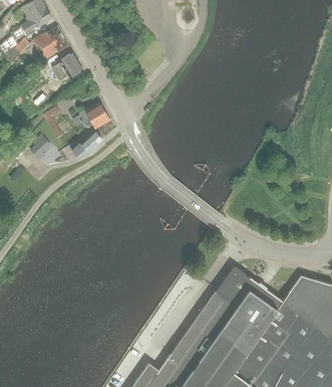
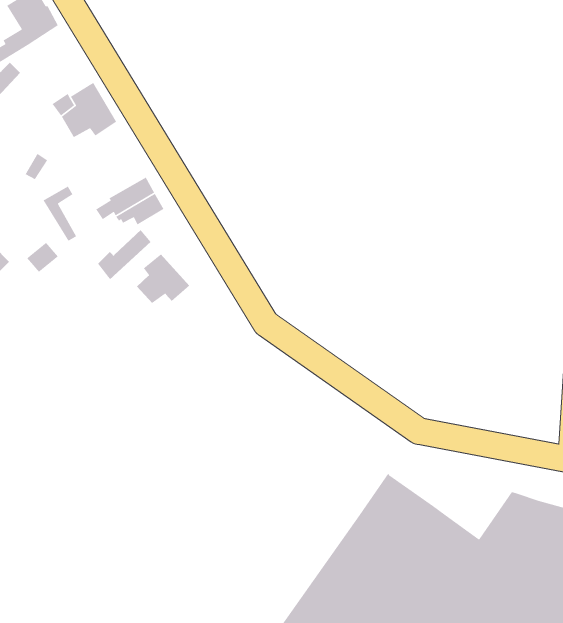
building: [33,28,68,60] -> none
building: none -> [136,254,190,304]

